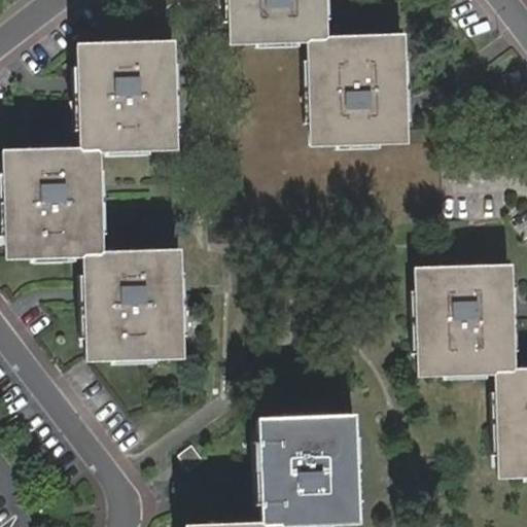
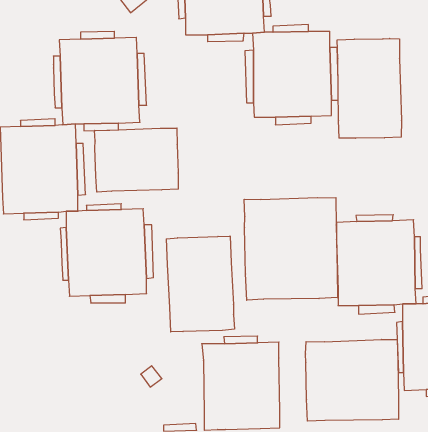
building: none -> [337,38,401,138]
building: none -> [95,128,178,192]
building: none -> [244,198,337,300]
building: none -> [166,236,234,332]
building: none -> [306,339,399,421]

